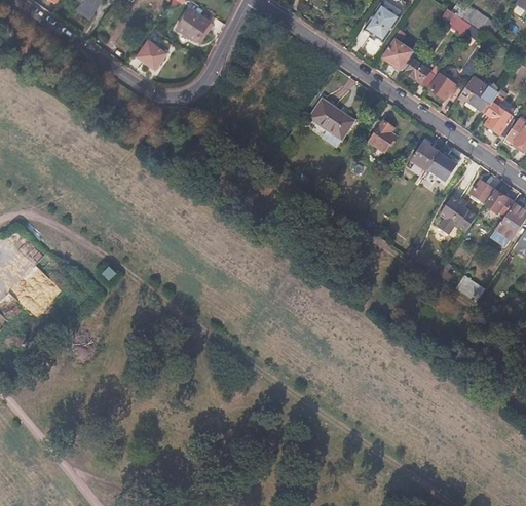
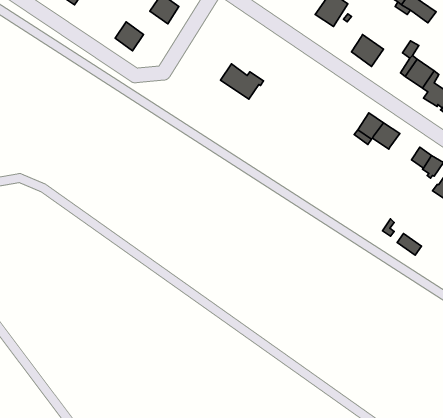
building: [382,40,415,72] -> none
building: [429,71,456,100] -> none
building: [310,99,359,139] -> [221,64,263,99]
building: [365,118,396,151] -> none
building: [438,196,477,234] -> none

